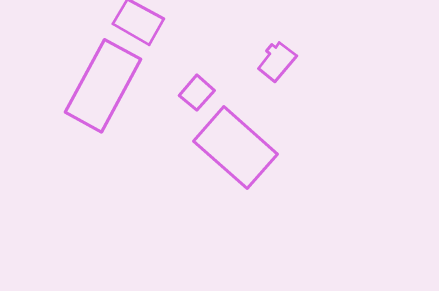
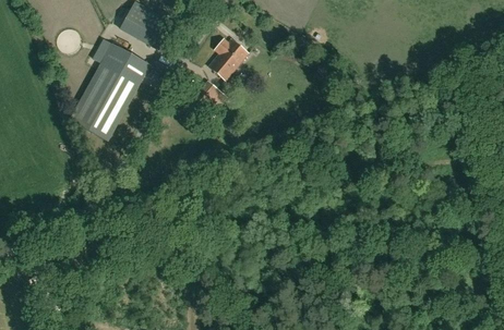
building: [258,42,297,82] -> [207,38,248,80]
building: [193,107,278,189] -> none

